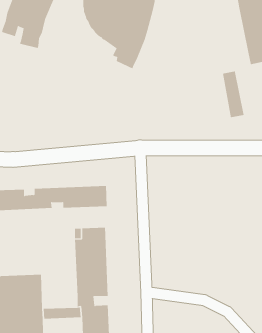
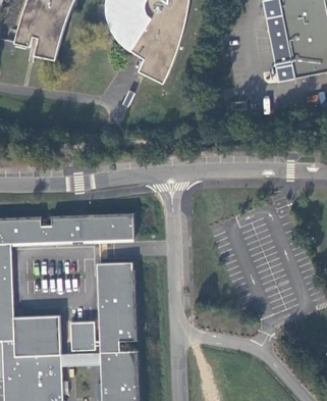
building: [222,71,245,118] -> [267,13,292,66]
building: none -> [71,320,100,350]

